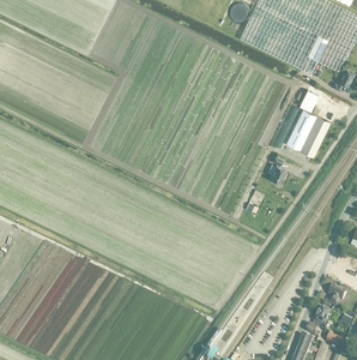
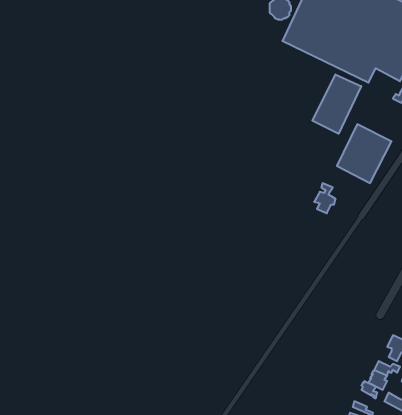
building: none -> [312,74,361,134]

